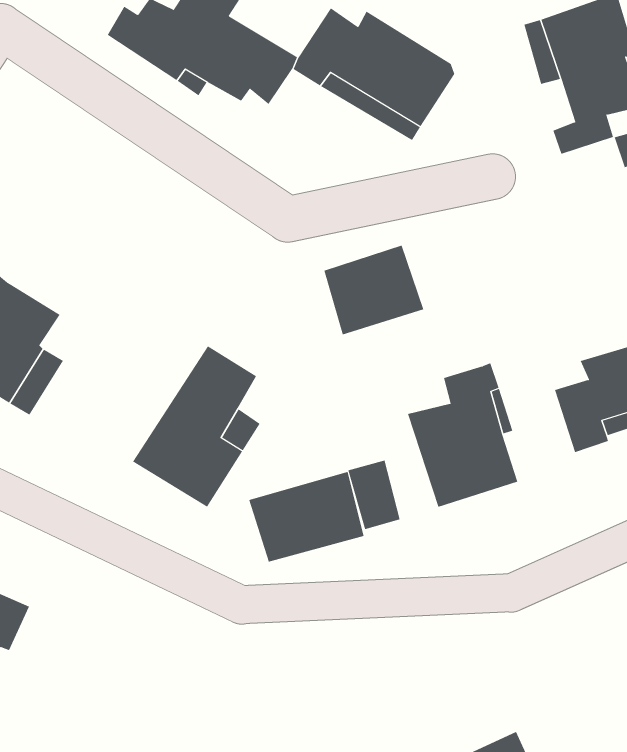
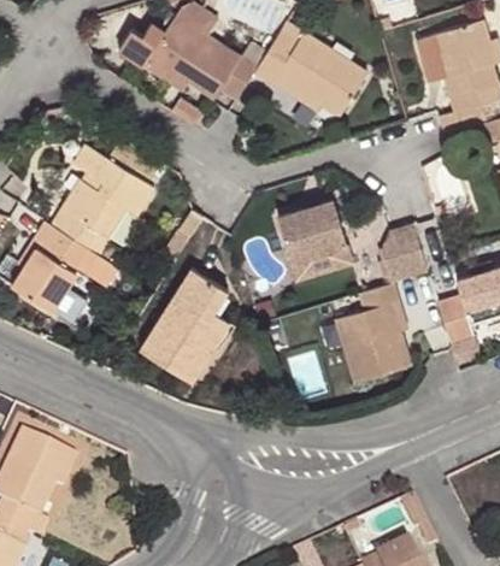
building: none -> [53,157,158,253]
building: none -> [377,223,429,283]
building: [249,471,364,563] -> none

